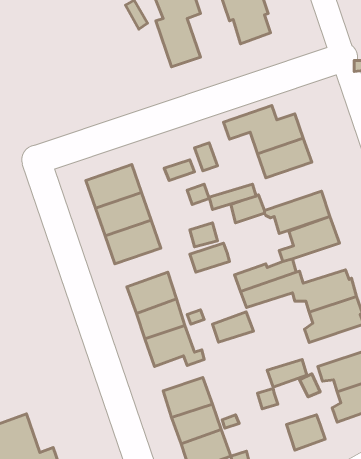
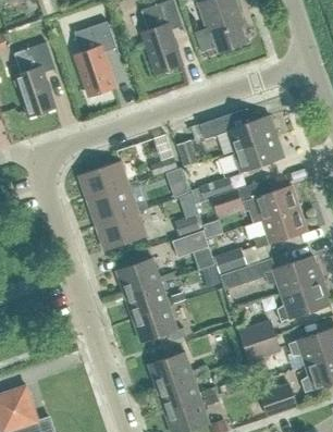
building: none -> [75,21,116,96]
building: none -> [15,41,55,116]
building: [212,312,253,342] -> [237,319,274,346]

